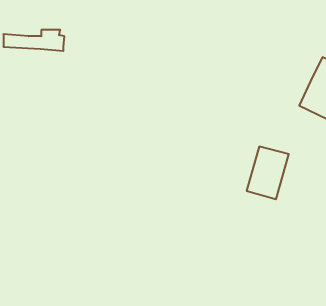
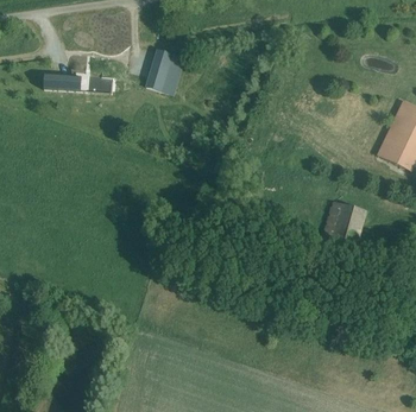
building: none -> [146,49,184,94]

